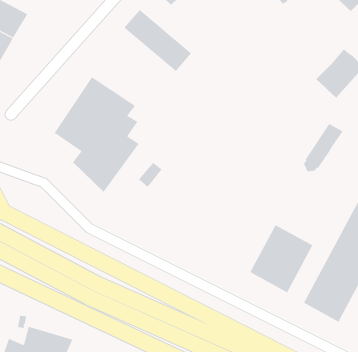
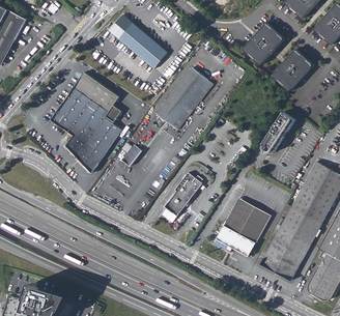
building: none -> [243,23,284,64]
building: none -> [157,67,212,130]
building: none -> [164,172,202,216]

